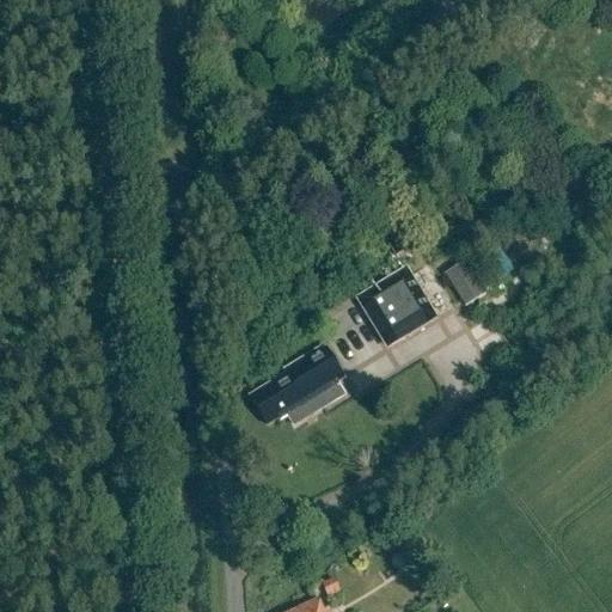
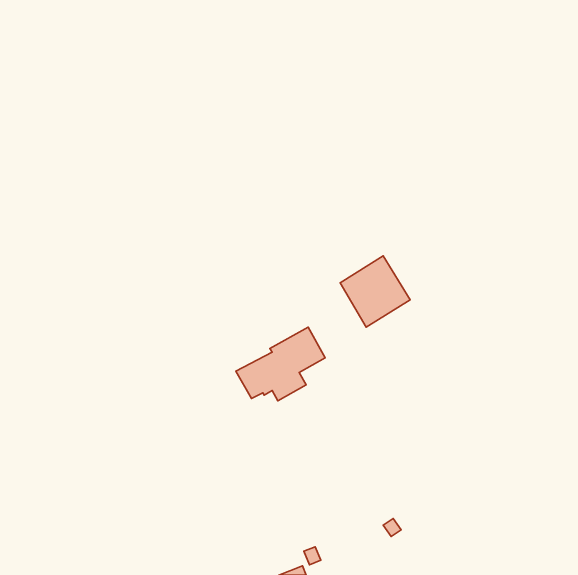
building: [445,261,485,306] -> none

